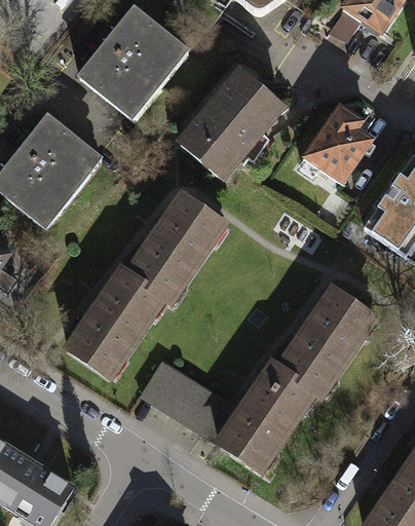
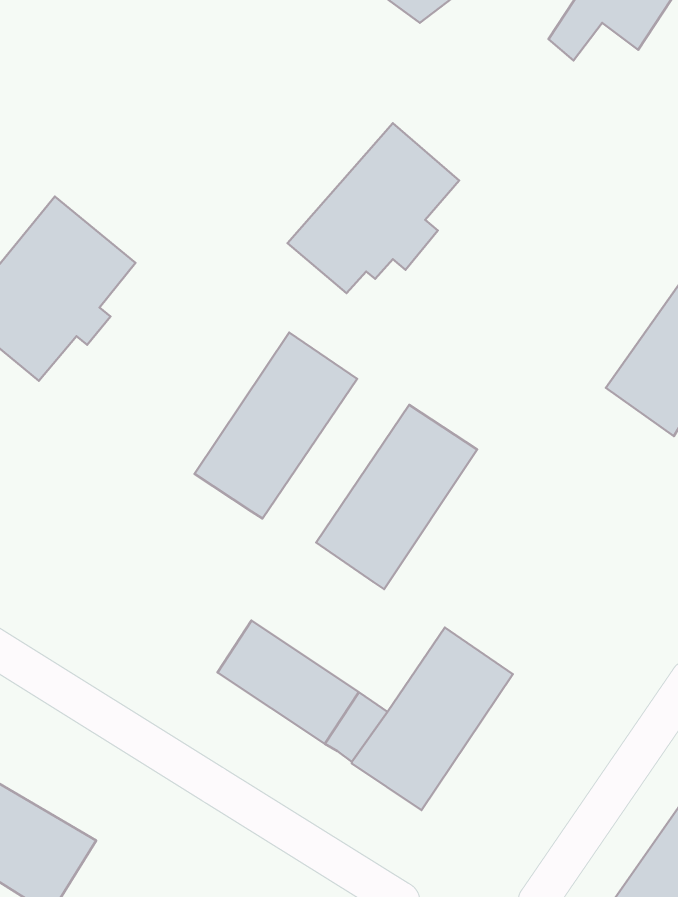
building: [80,8,182,113] -> none
building: [302,108,371,182] -> none
building: [69,269,162,376] -> none
building: [279,289,372,394] -> [316,405,477,589]

